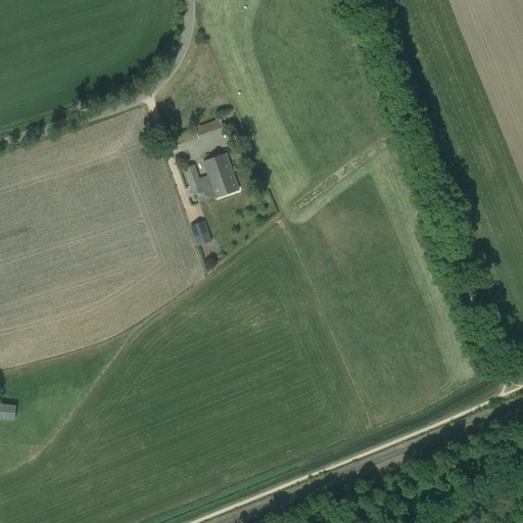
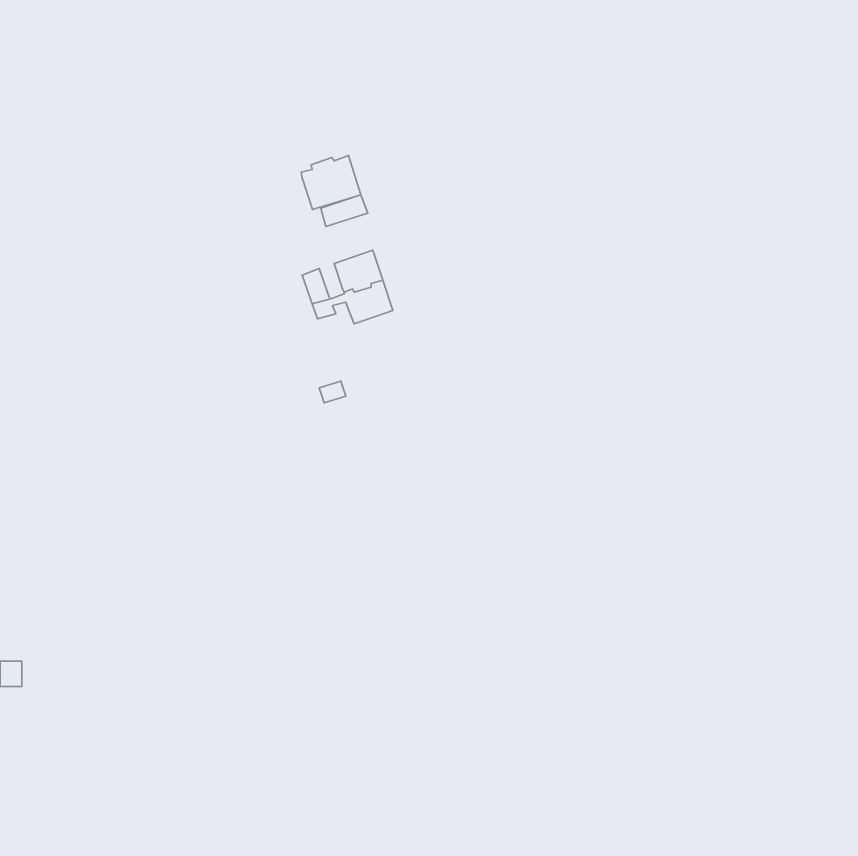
building: none -> [301,156,361,210]

